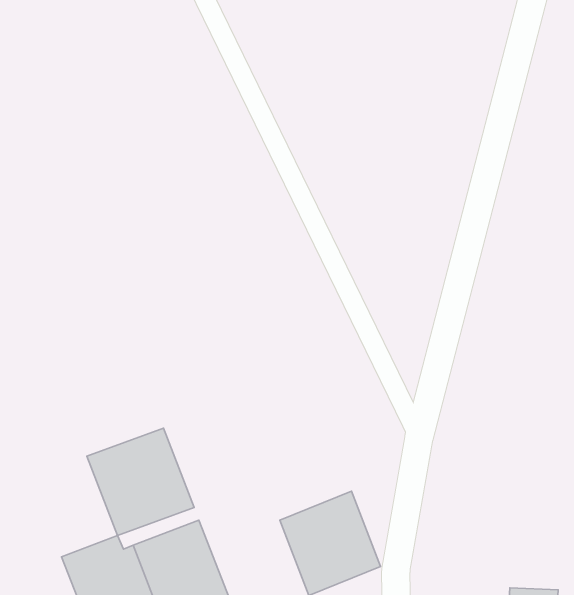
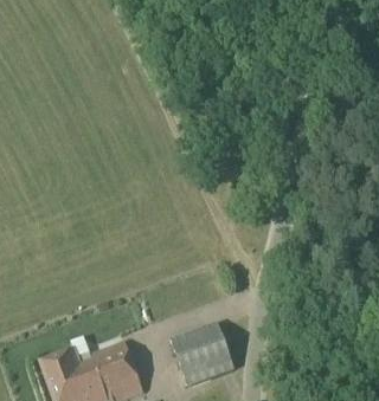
building: [87,428,194,536] -> none

